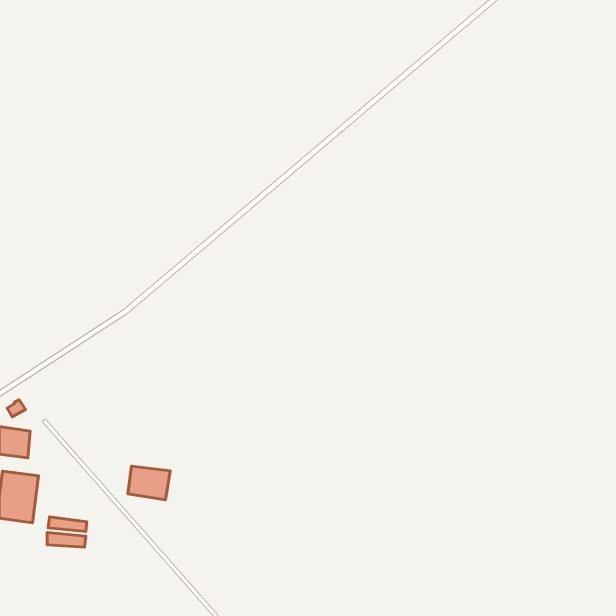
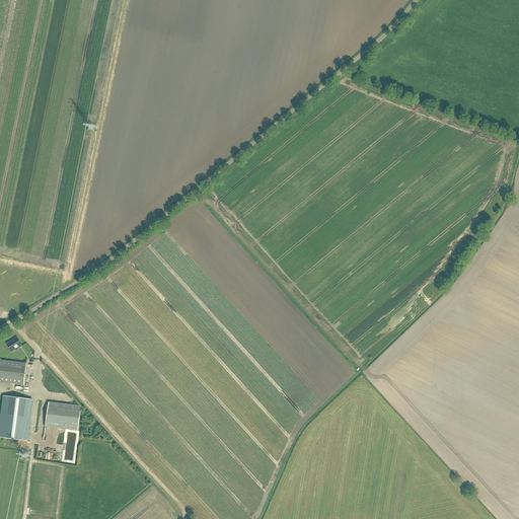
building: [128,466,170,500] -> [45,400,80,429]

